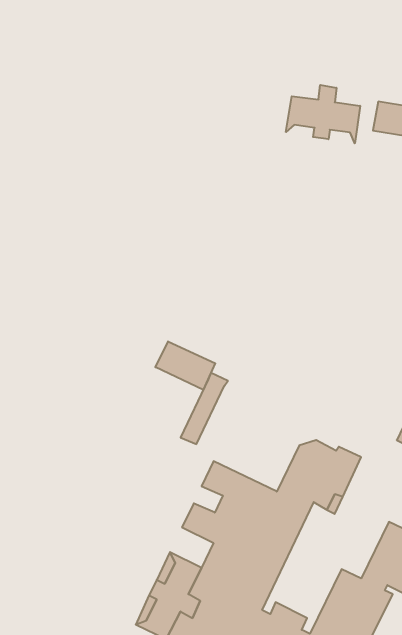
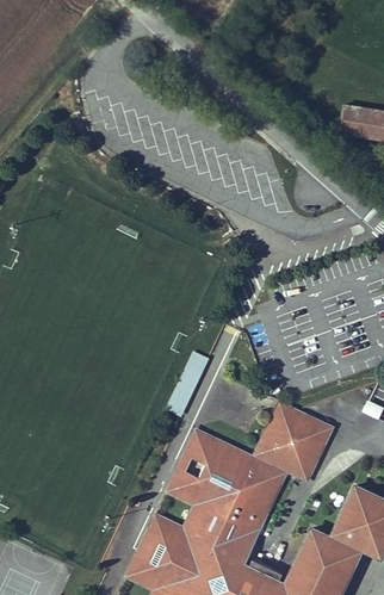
building: [286,85,360,143] -> none
building: [155,341,215,390] -> none

